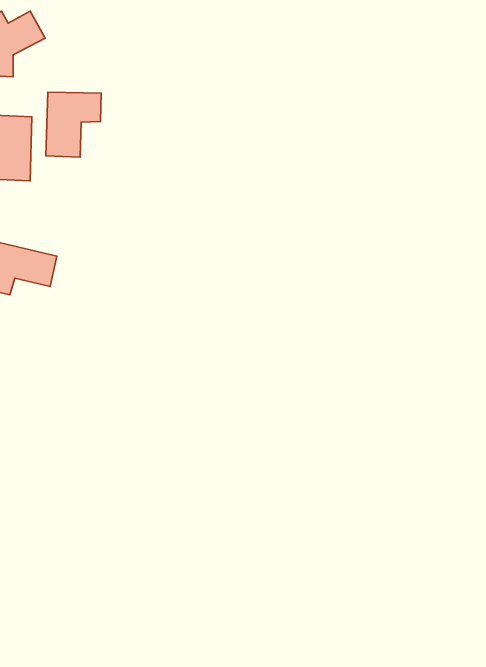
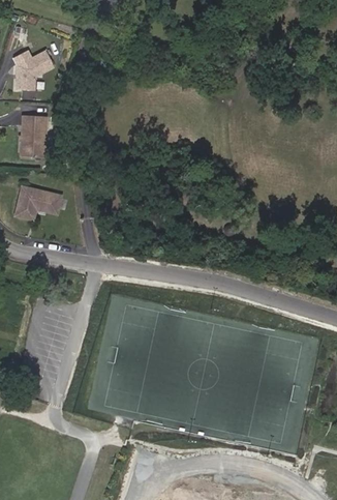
building: [46,92,101,157] -> none

